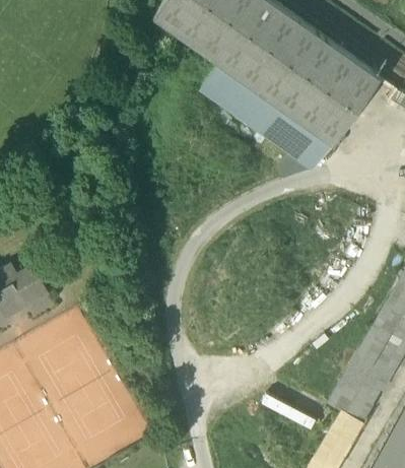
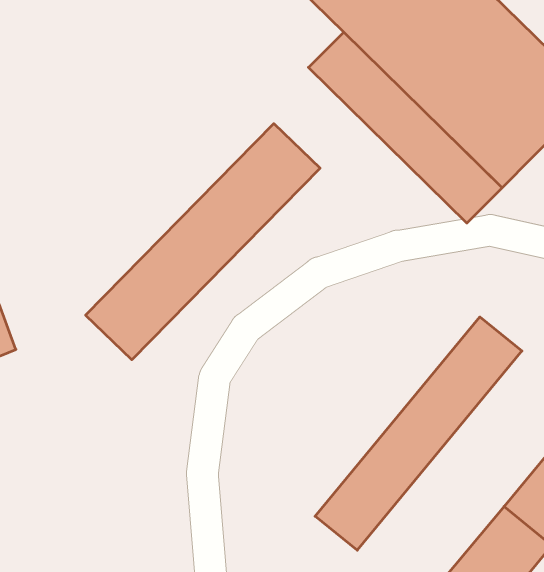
building: none -> [86,124,320,360]
building: none -> [315,317,522,550]

